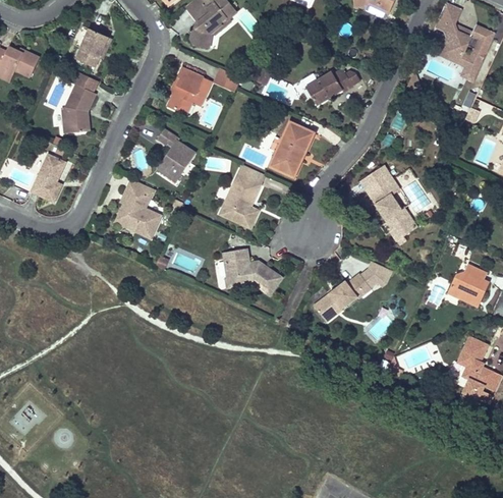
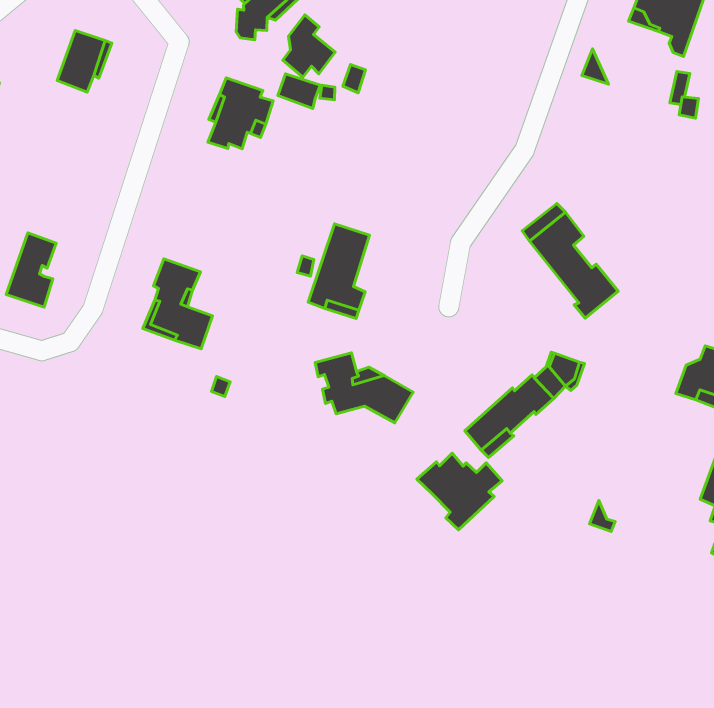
building: none -> [283,15,335,77]
building: [304,68,358,105] -> none
building: [65,85,95,133] -> none
building: [268,122,314,177] -> none
building: [158,128,194,181] -> none
building: none -> [417,453,502,530]

